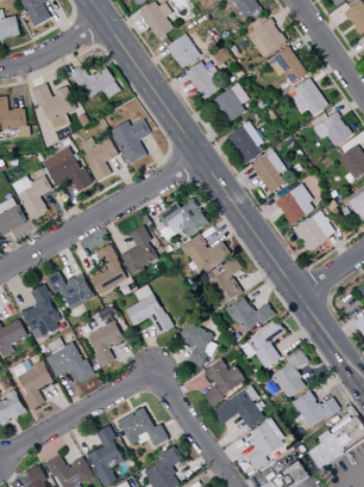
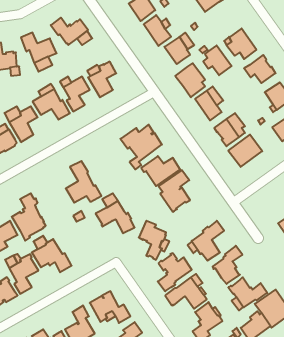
building: [270,47,306,84] -> [203,45,232,75]
building: [121,225,158,276] -> none
building: [46,271,95,310] -> none
building: [225,297,276,333] -> none
building: [87,320,125,368] -> none

